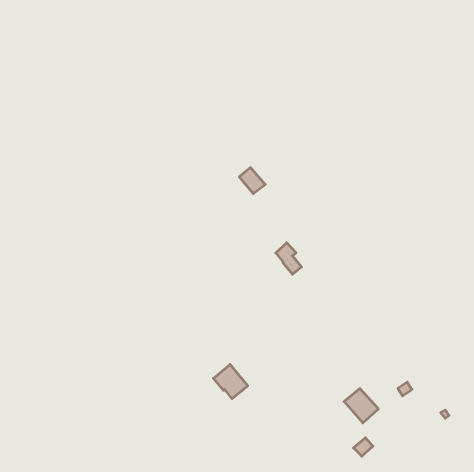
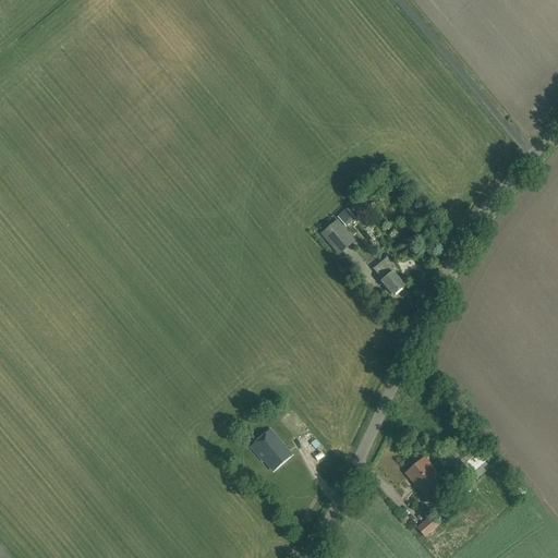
building: [239,168,265,194] -> [323,220,353,251]
building: [276,243,302,274] -> [373,256,403,293]

